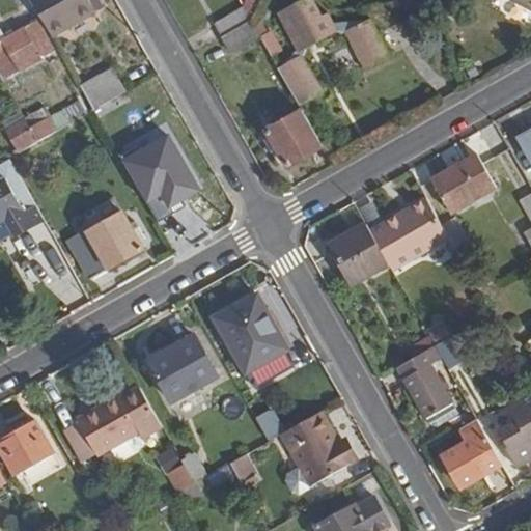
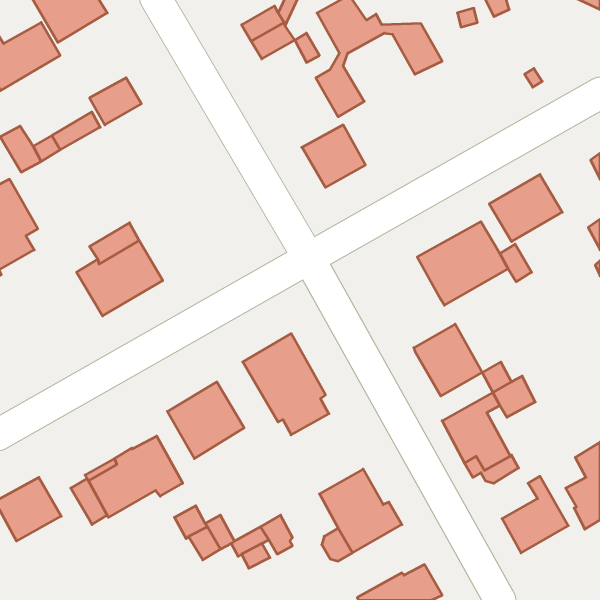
building: [114,128,197,218] -> none
building: [328,221,388,284] -> [414,324,482,396]

